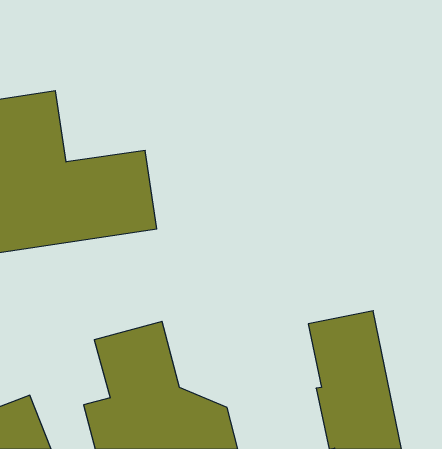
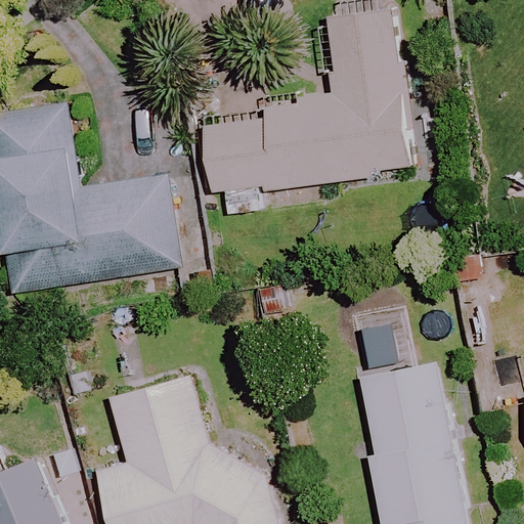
building: none -> [205,8,411,198]

